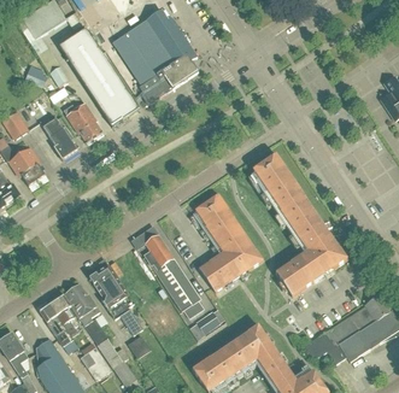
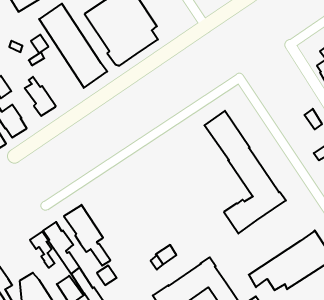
building: [63,102,102,143] -> none
building: [195,193,263,292] -> none
building: [142,234,199,310] -> none
building: [39,304,72,346] -> none

